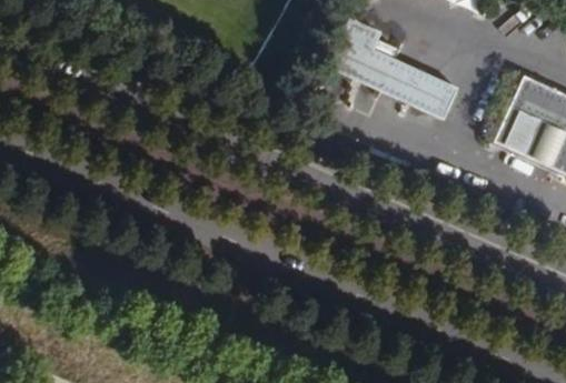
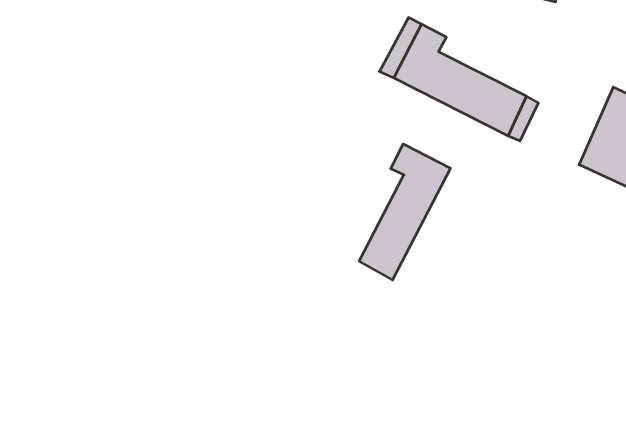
building: none -> [359,144,450,280]

